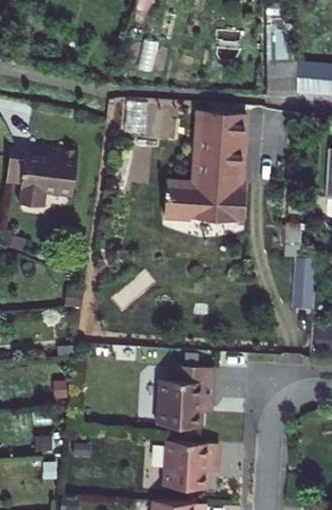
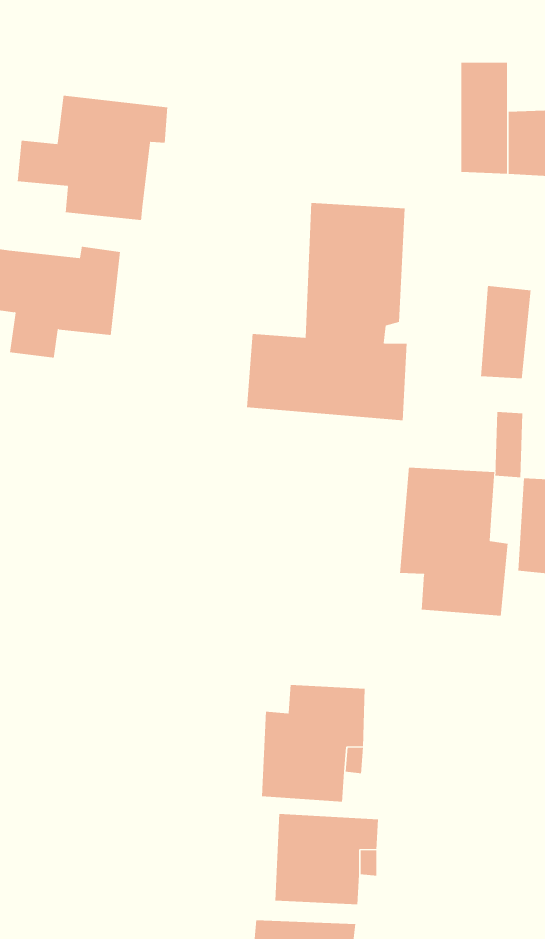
building: none -> [17,95,168,221]
building: none -> [480,285,531,379]
building: none -> [399,467,508,617]

